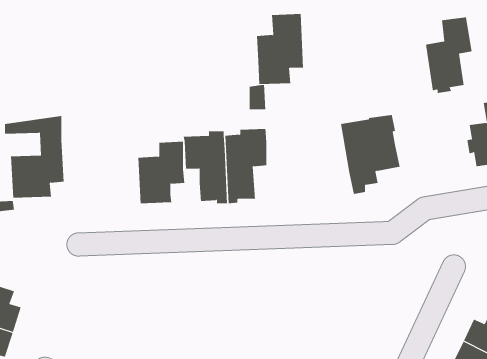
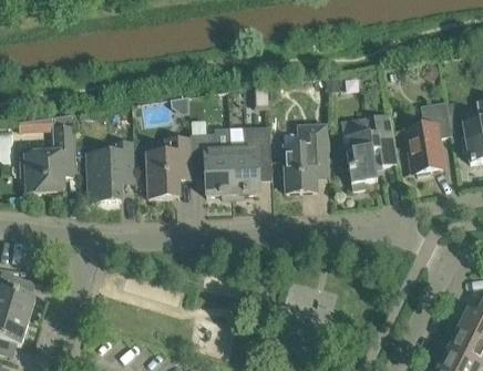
building: [256,14,304,85] -> [284,125,329,193]
building: [425,17,473,93] -> [405,102,451,175]
building: none -> [86,143,131,200]

